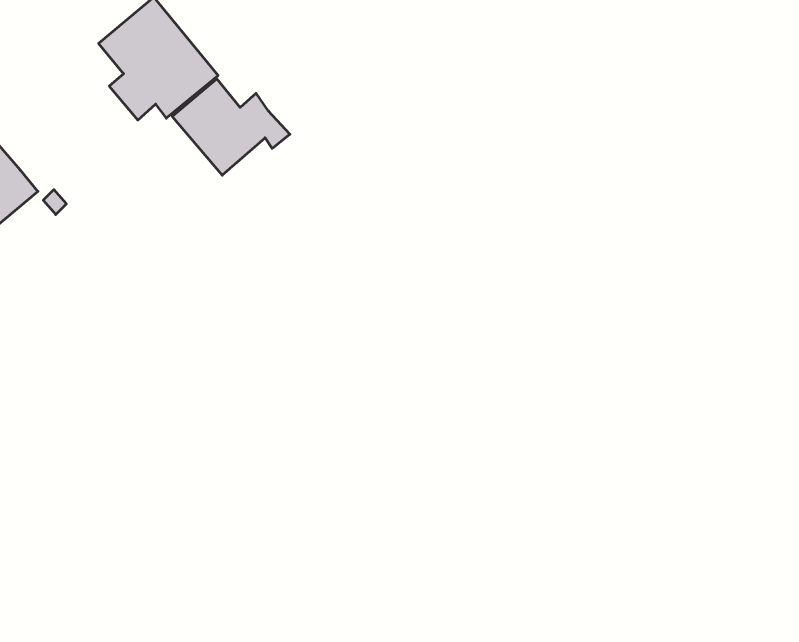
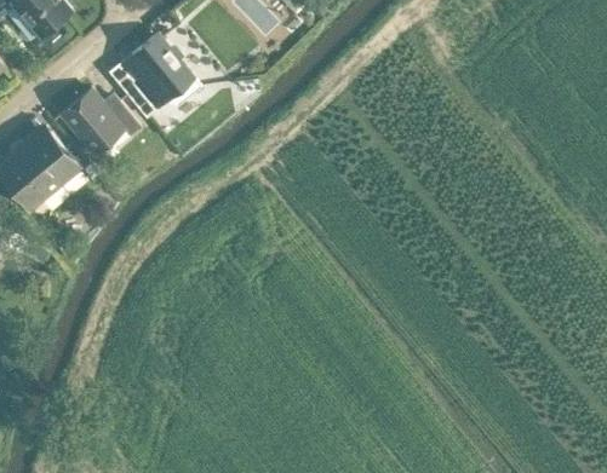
building: [172,79,290,175] -> [58,90,138,155]

